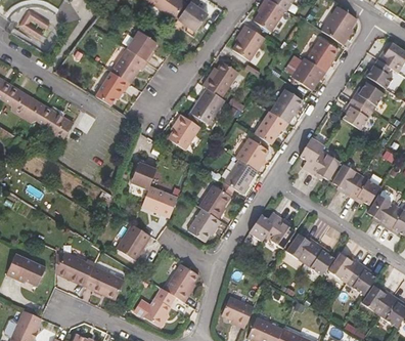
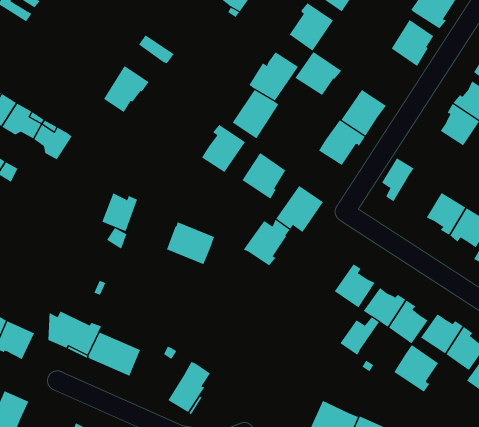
building: [127,31,158,62] -> none
building: [111,55,140,84] -> none
building: [291,57,326,90] -> [295,51,342,96]
building: [236,136,269,171] -> [242,152,286,200]
building: [309,151,340,180] -> none
building: [131,161,158,189] -> [102,193,138,232]
building: [187,208,221,242] -> none
building: [250,212,279,241] -> [339,317,380,356]
building: [116,223,151,260] -> none
building: [165,263,199,302] -> none
building: none -> [394,344,439,393]
building: [221,296,254,328] -> none

